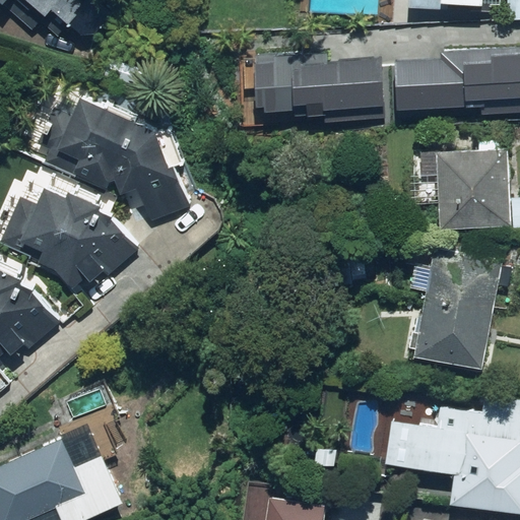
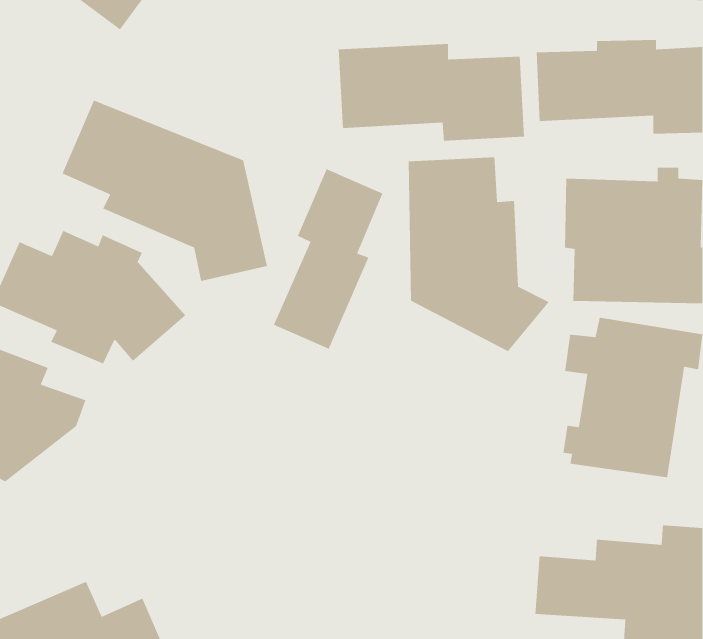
building: none -> [408,156,550,352]
building: none -> [273,168,384,350]

